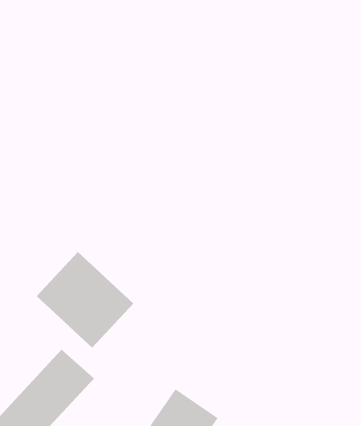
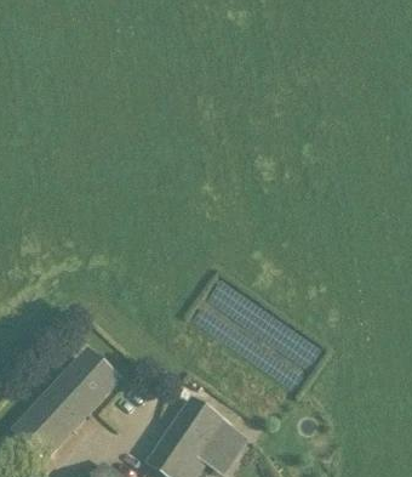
building: [36,251,134,349] -> none

